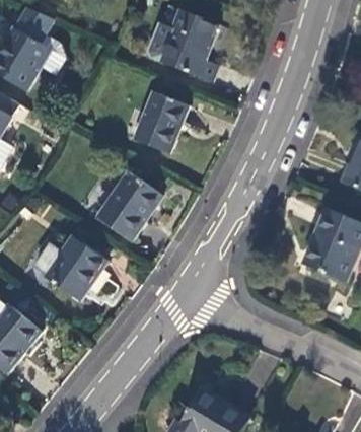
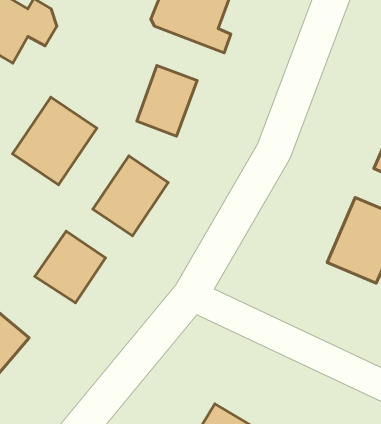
building: none -> [13,97,97,185]

